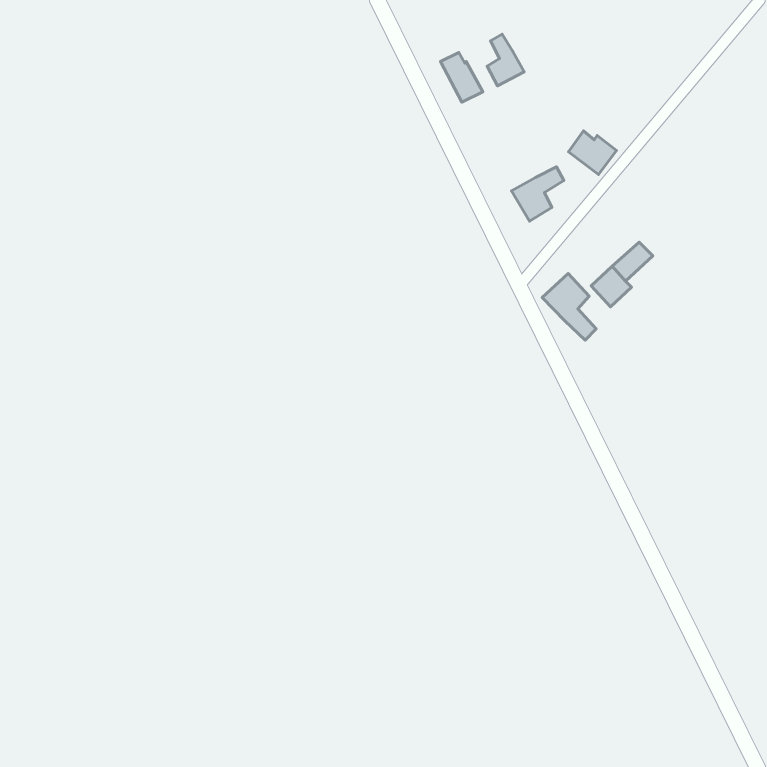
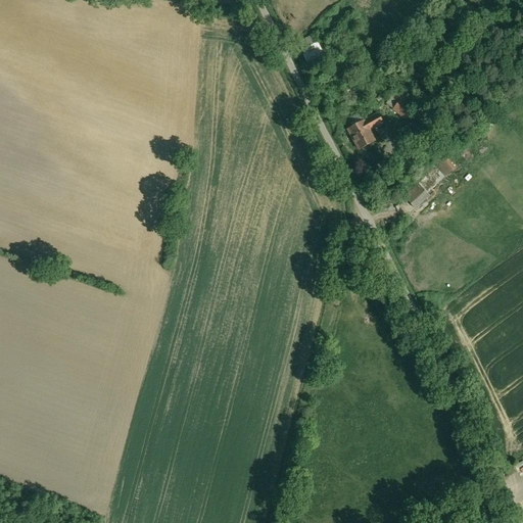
building: [487,34,524,86] -> none
building: [542,273,596,340] -> none

